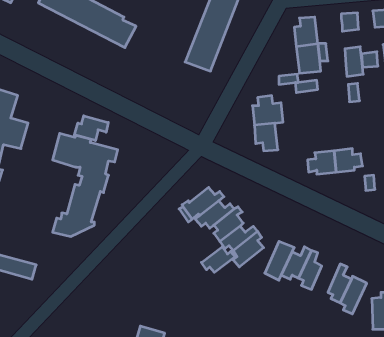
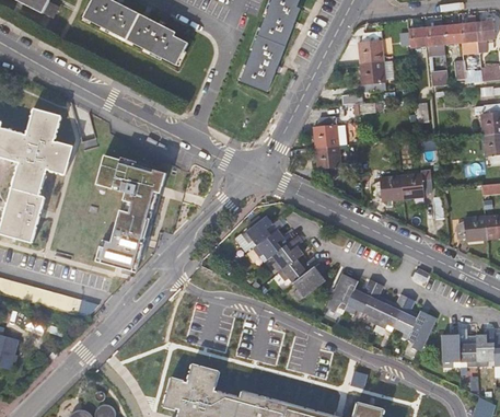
building: [345,47,363,76] -> [426,25,445,57]
building: [74,116,108,141] -> none
building: [201,247,235,272] -> none
building: none -> [376,292,407,331]

